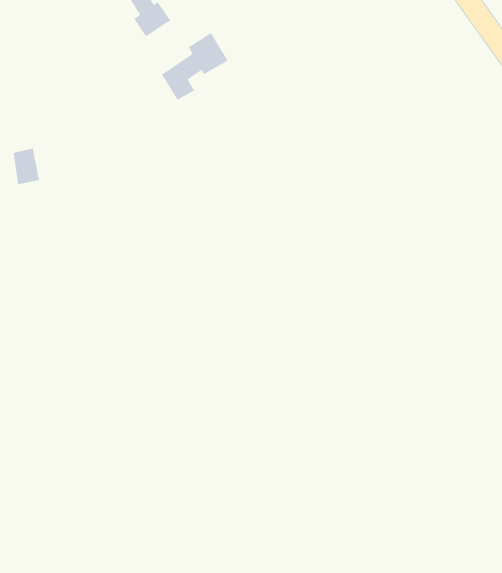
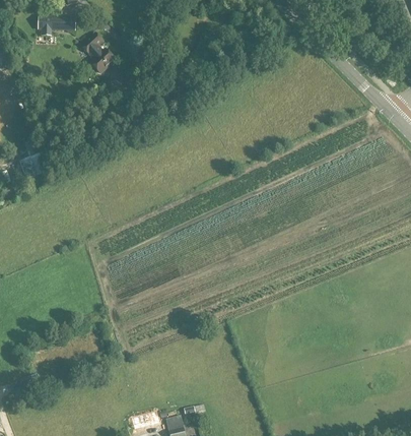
building: [161,32,229,101] -> none

